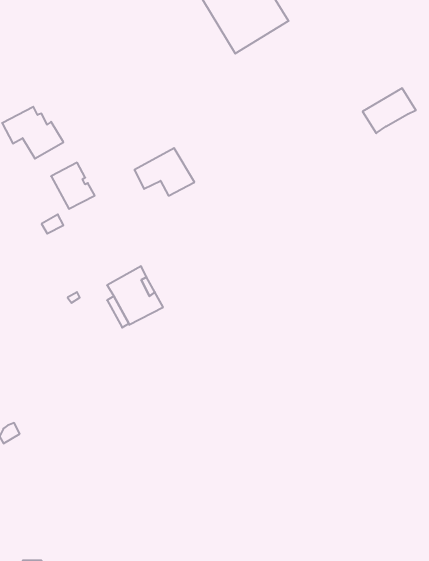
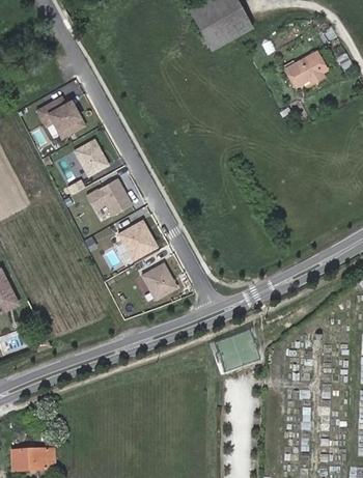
building: [363,88,416,133] -> [289,53,330,87]
building: [134,148,194,196] -> [86,176,132,213]
building: none -> [141,260,176,298]

